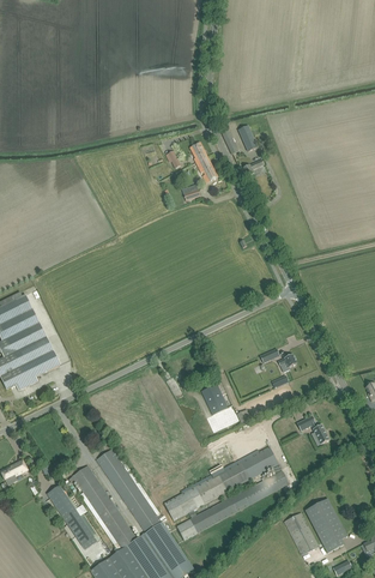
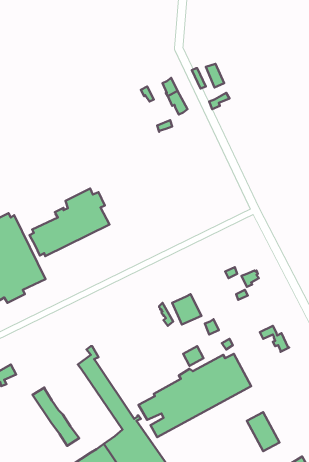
building: none -> [29,188,109,256]
building: [69,465,138,553] -> none
building: [306,499,347,553] -> none

